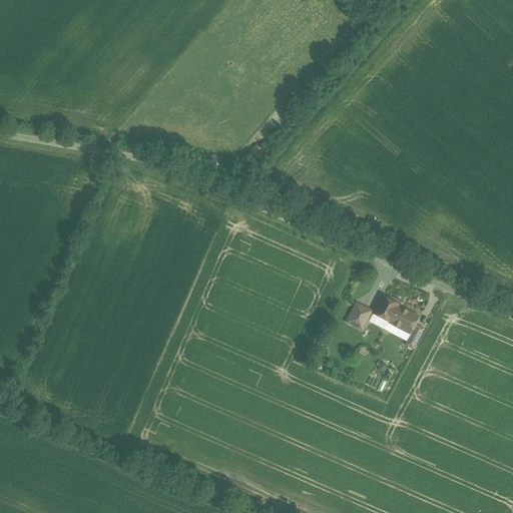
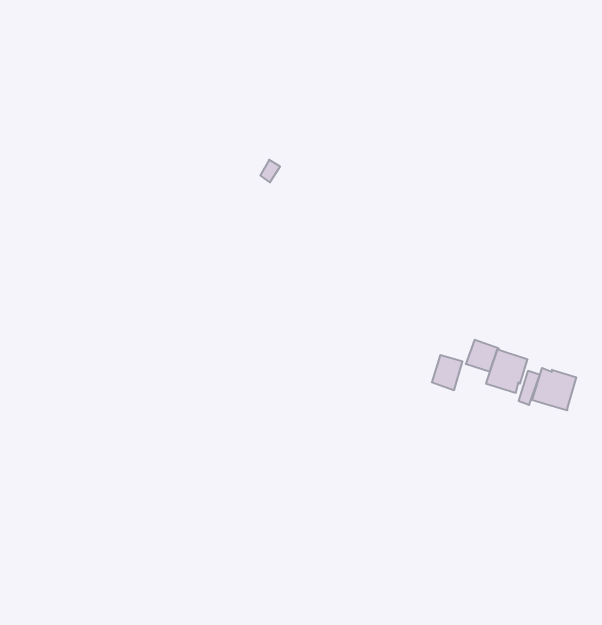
building: none -> [532,368,576,410]

